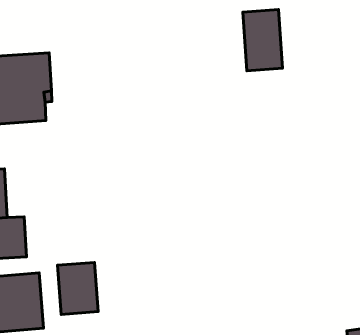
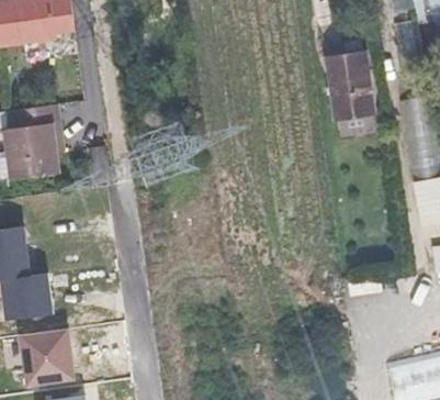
building: [243,10,283,71] -> [327,53,372,118]
building: [58,262,98,314] -> none

